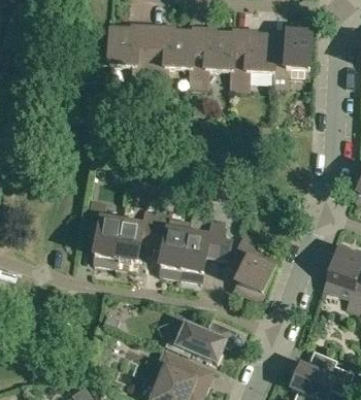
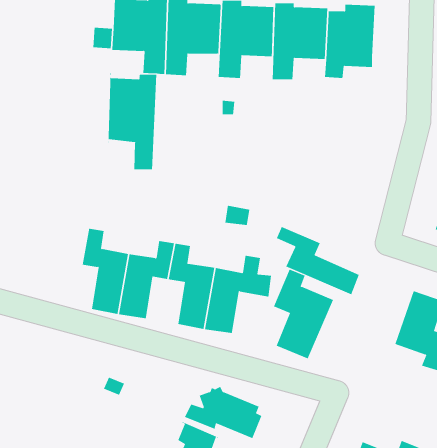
building: none -> [107,72,157,170]
building: none -> [276,226,360,295]

